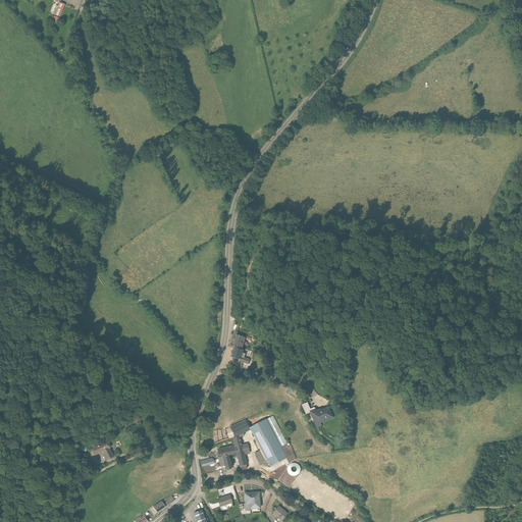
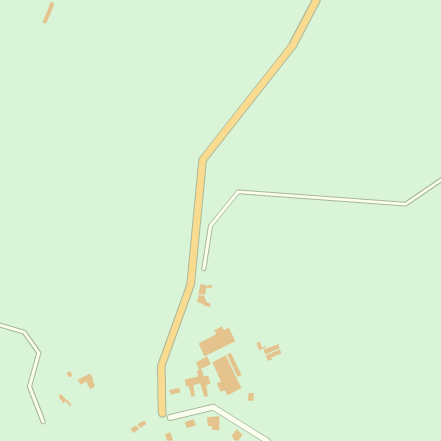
building: none -> [198,326,236,357]

